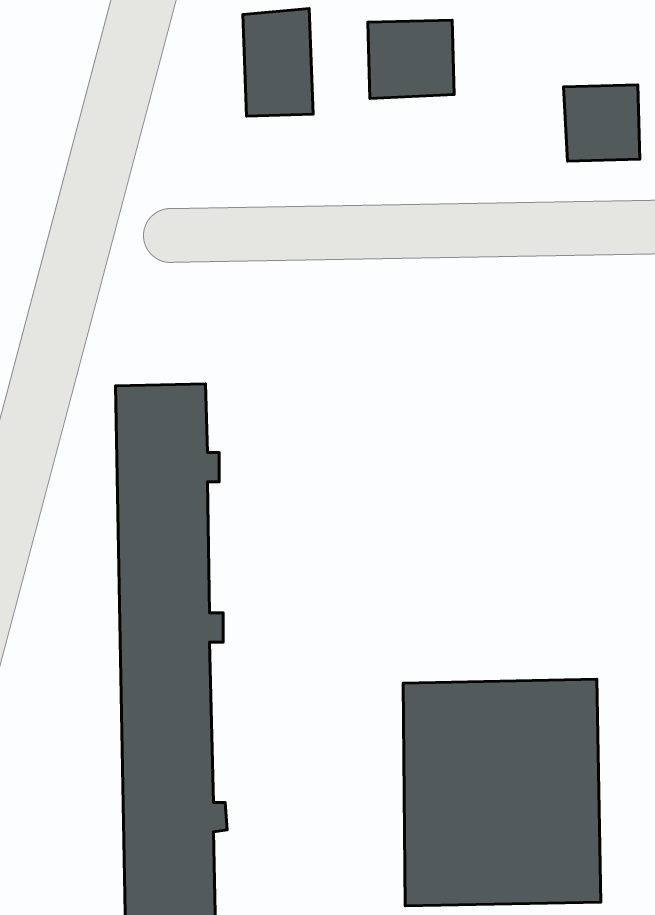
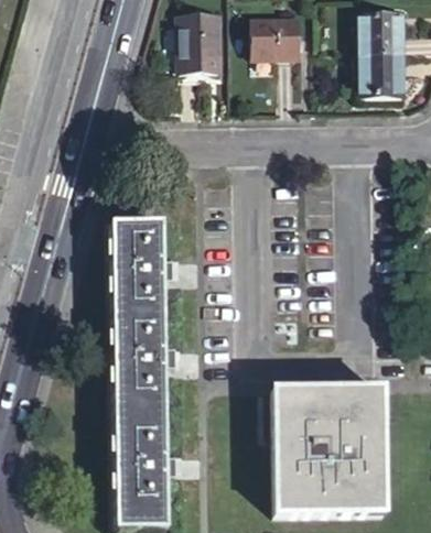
building: none -> [362,10,405,53]

